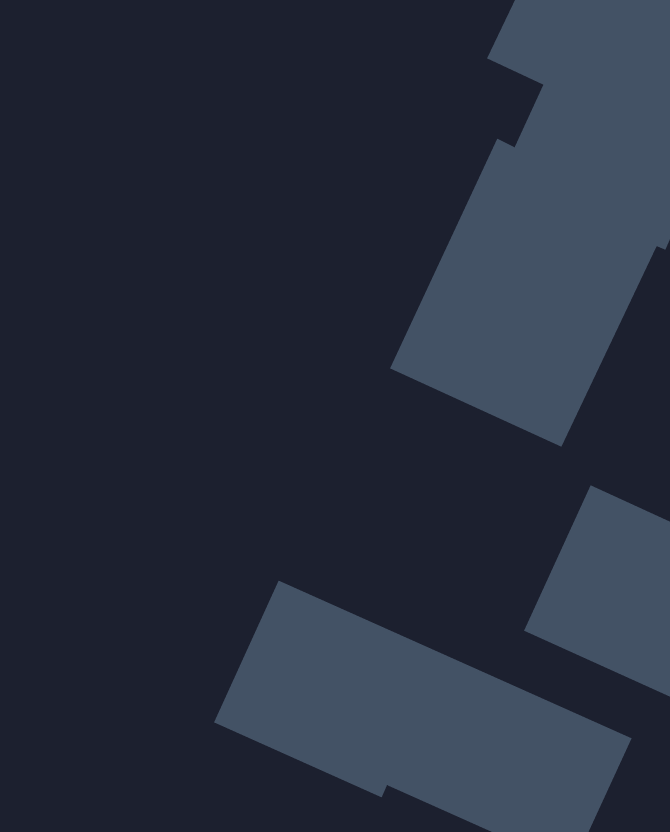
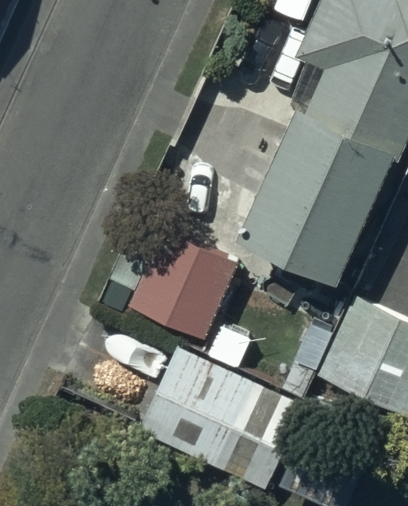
building: none -> [106,217,240,340]

